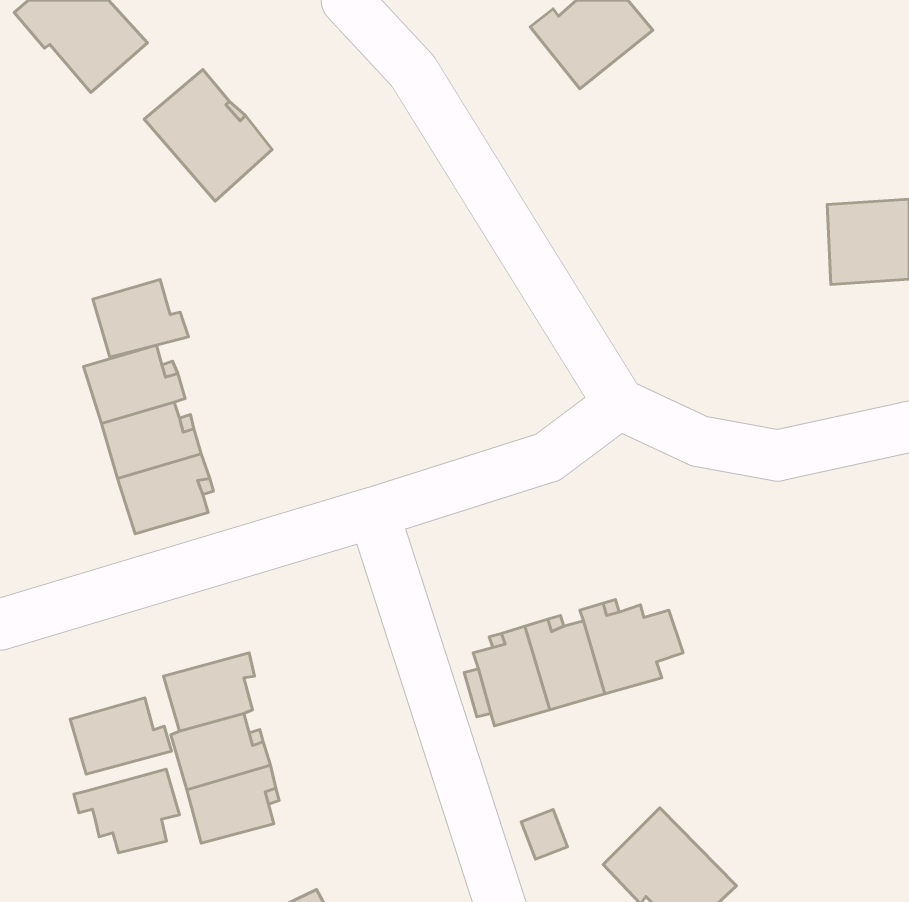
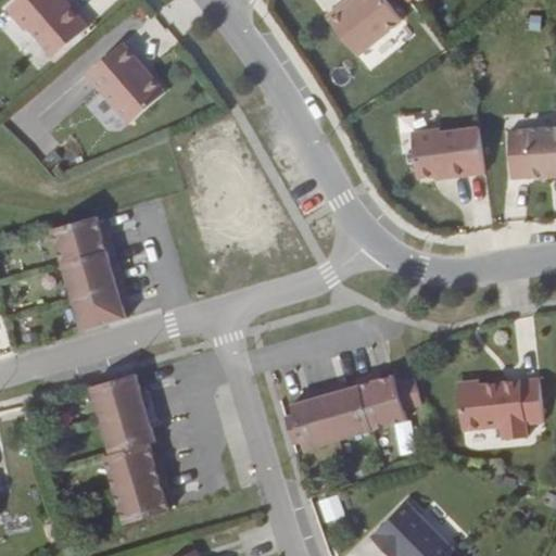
building: none -> [409,131,481,181]
building: [93,279,188,357] -> none
building: none -> [454,377,540,438]
building: [70,698,171,774] -> [90,370,152,417]
building: [74,769,179,853] -> none

